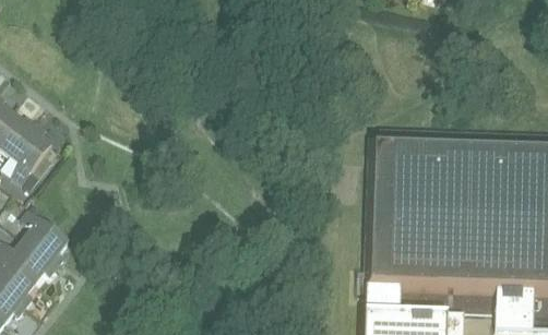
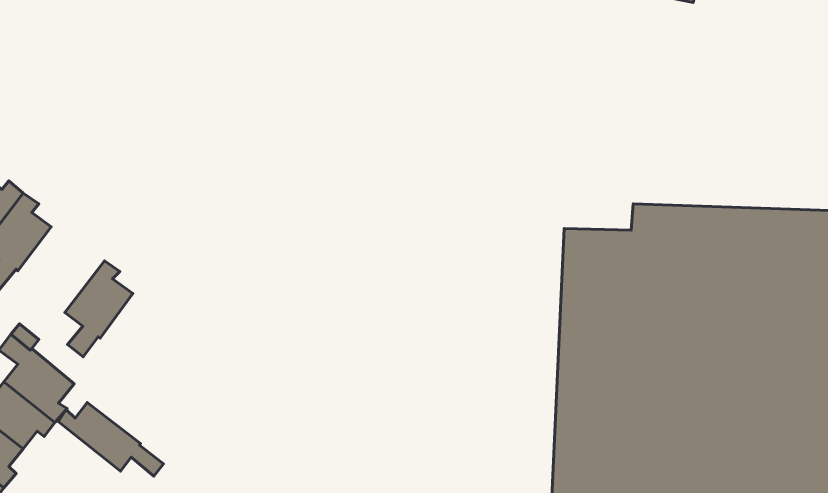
building: none -> [65,261,133,357]
building: none -> [58,402,164,476]

